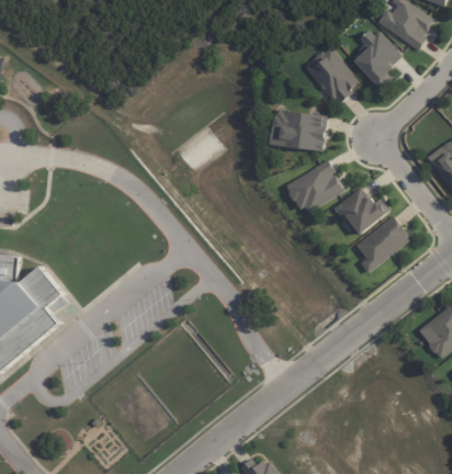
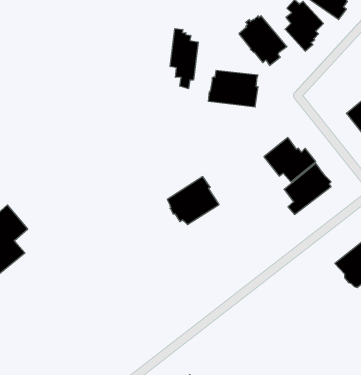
building: none -> [170,29,198,89]
building: [286,159,346,214] -> [167,177,219,225]

